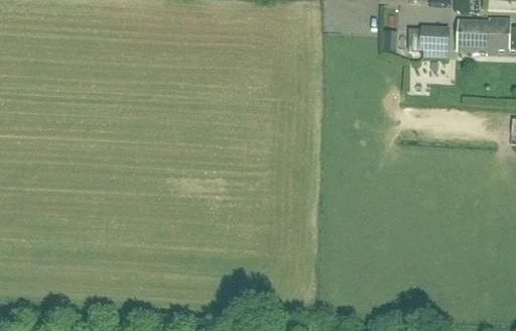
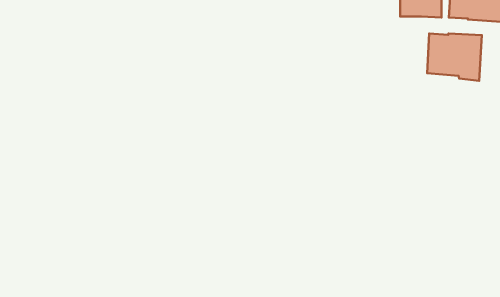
building: none -> [427,34,482,81]

